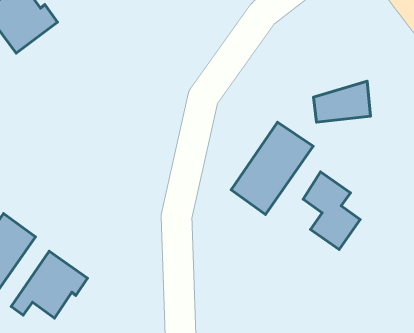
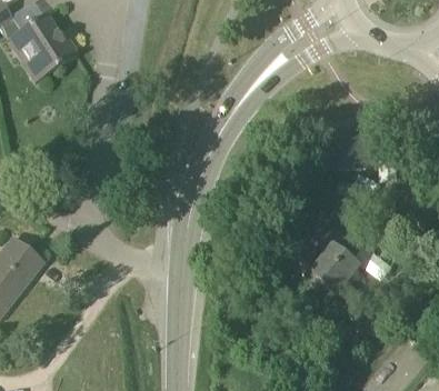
building: [231,122,313,214] -> none
building: [11,251,87,318] -> none

